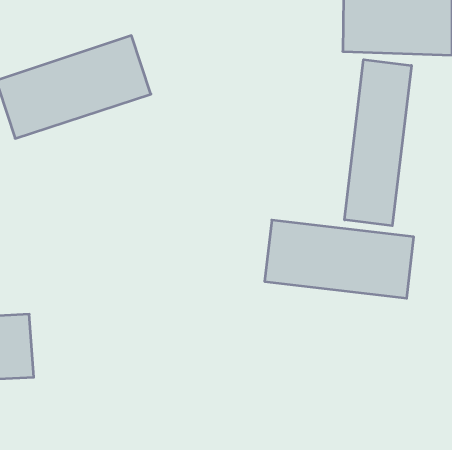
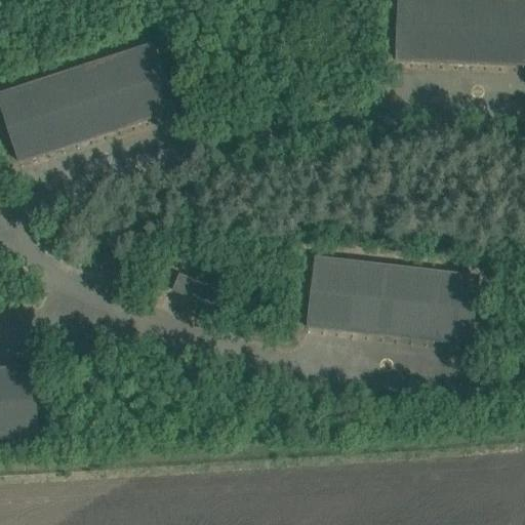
building: [345,60,411,226] -> none
building: none -> [171,272,220,306]

